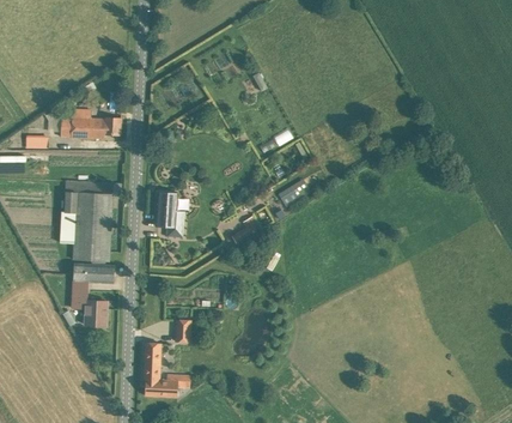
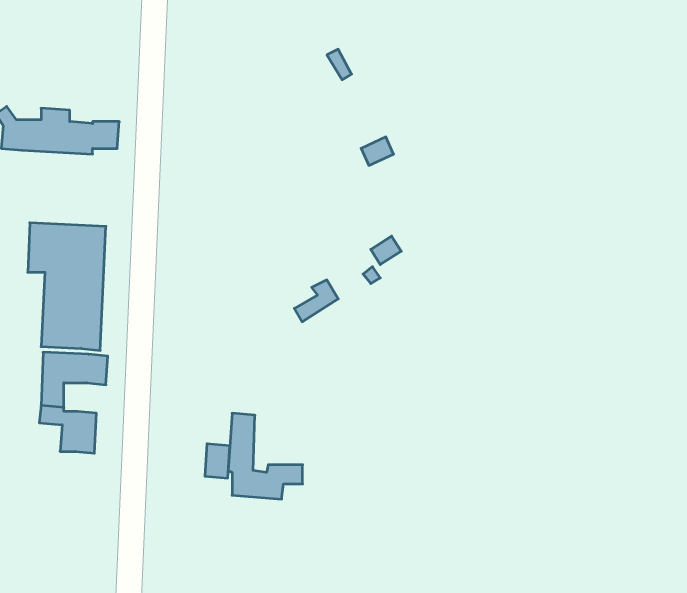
building: [154,192,183,235] -> none
building: [142,343,189,397] -> [228,413,303,499]

